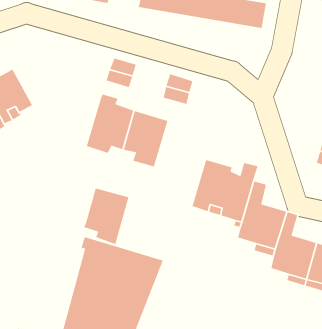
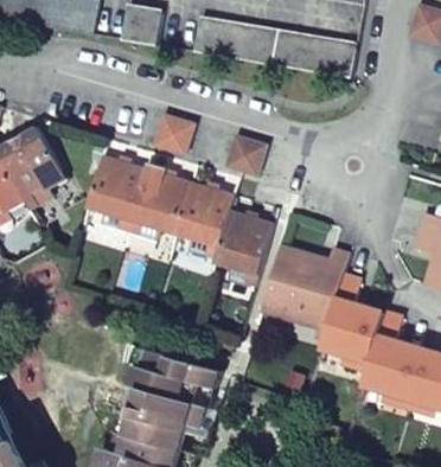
building: none -> [88,153,146,228]
building: [83,188,130,245] -> [213,210,273,283]

